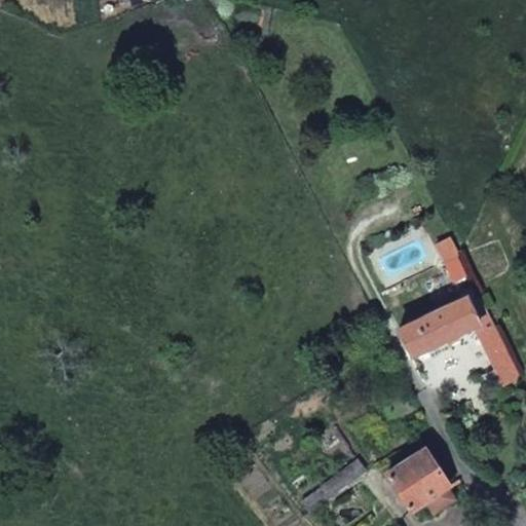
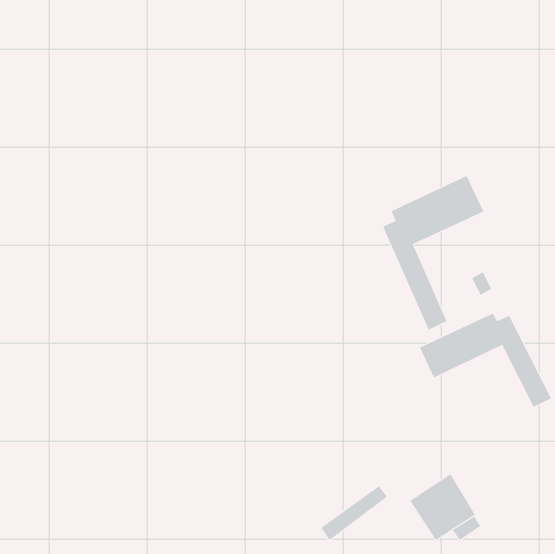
building: none -> [383,175,484,330]

